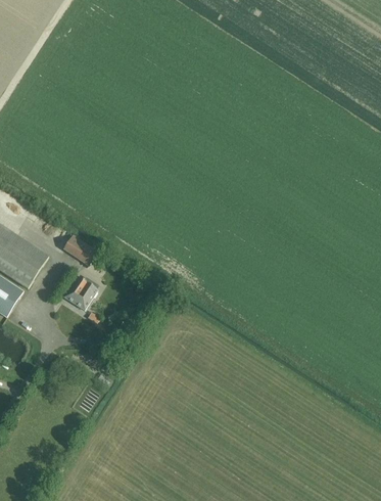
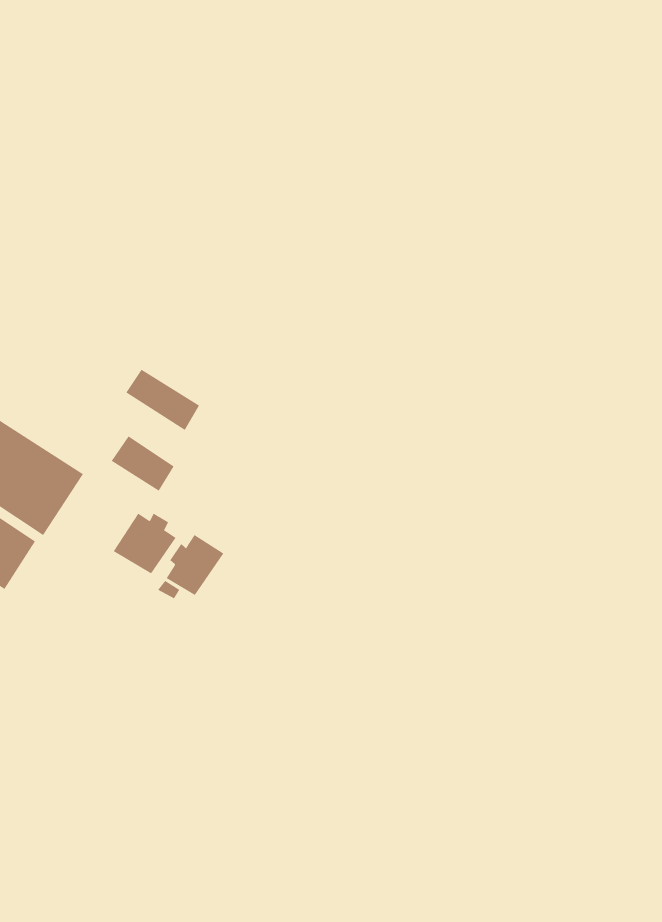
building: none -> [125,369,200,431]
building: none -> [166,534,224,596]

